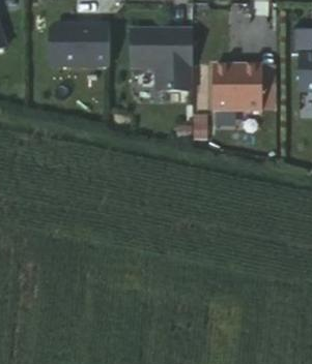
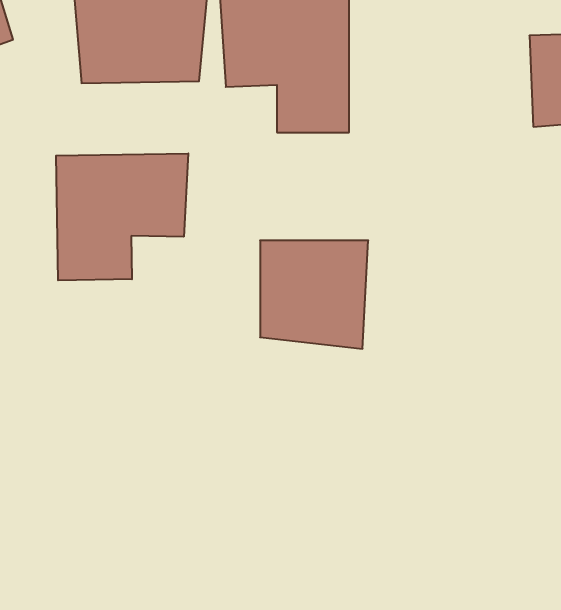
building: [209,57,268,116] -> [260,240,368,349]
building: none -> [56,153,188,280]

